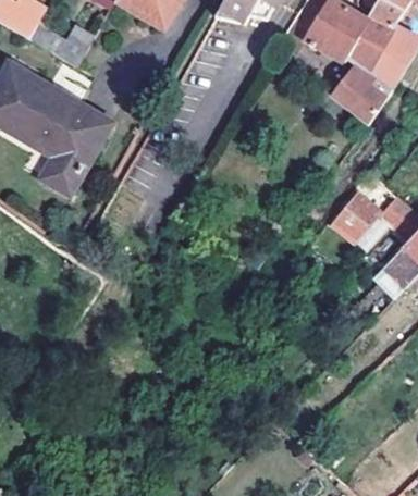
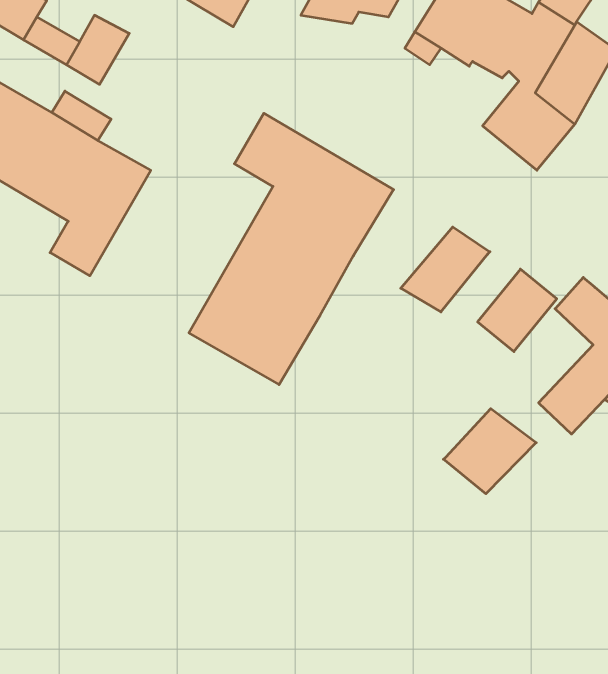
building: none -> [189,113,394,385]
building: none -> [401,227,490,312]
building: none -> [443,409,536,494]

